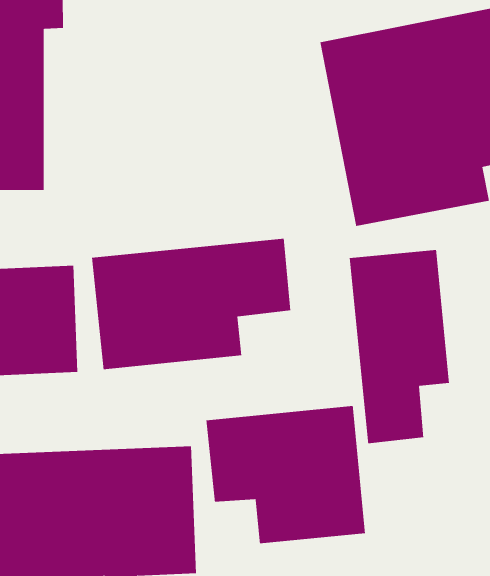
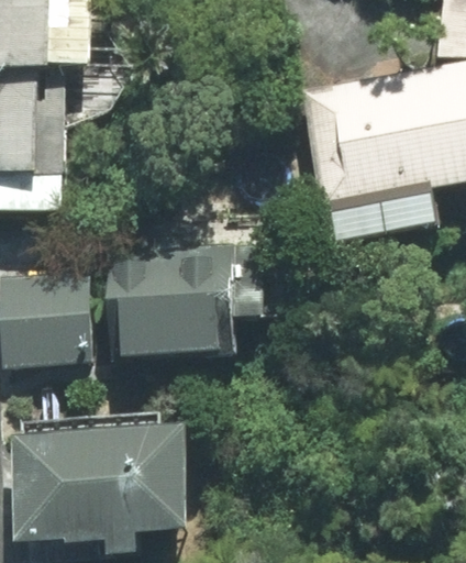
building: [349,249,450,444] -> none
building: [206,405,366,544] -> none

